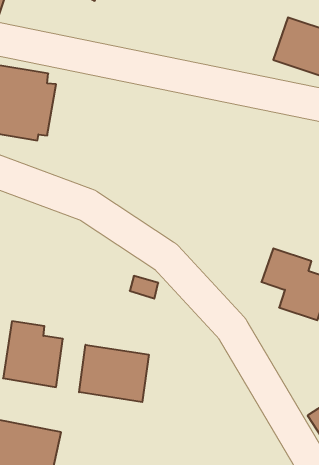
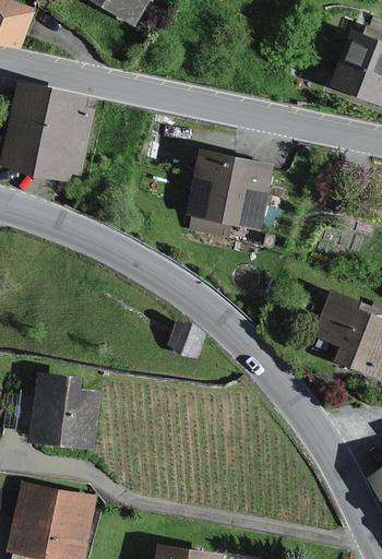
building: none -> [189,158,266,226]
building: [79,345,149,402] -> none

